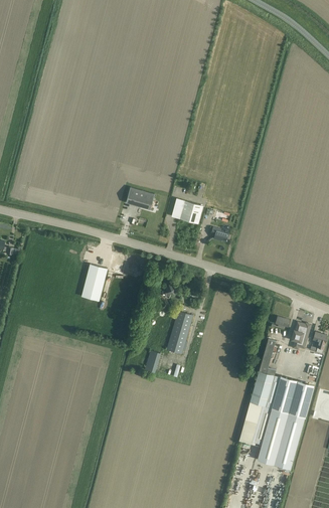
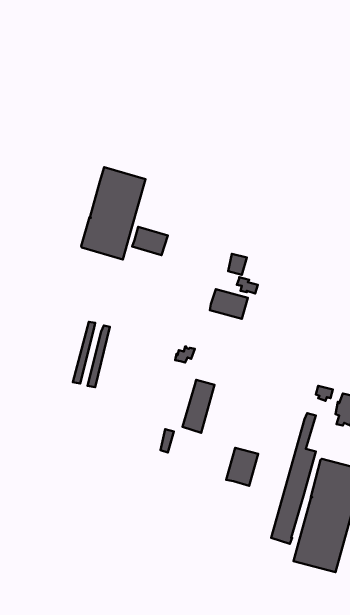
building: none -> [81,167,146,260]
building: [171,199,202,223] -> [210,289,248,319]
building: none -> [226,448,258,486]

